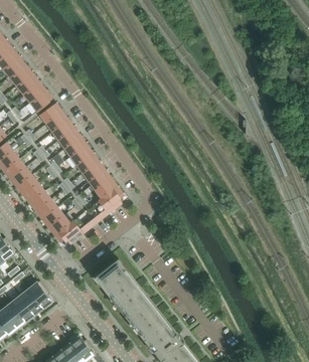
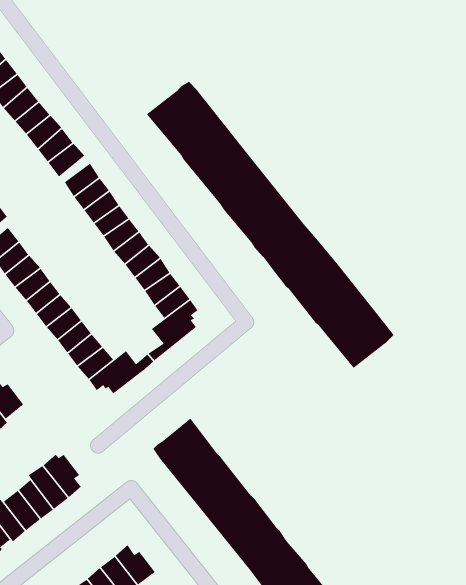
building: none -> [146,81,395,369]

